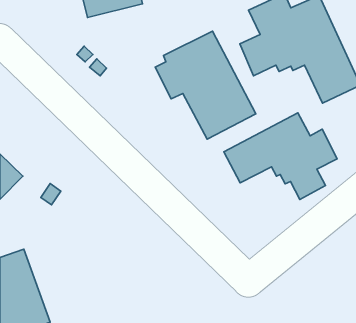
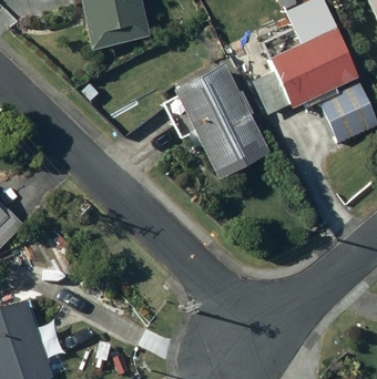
building: [224,113,337,200] -> none

